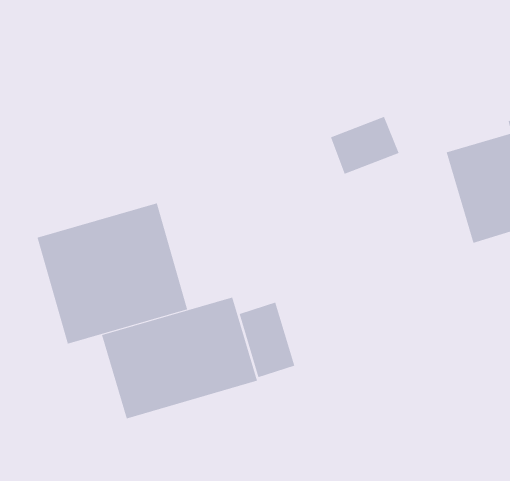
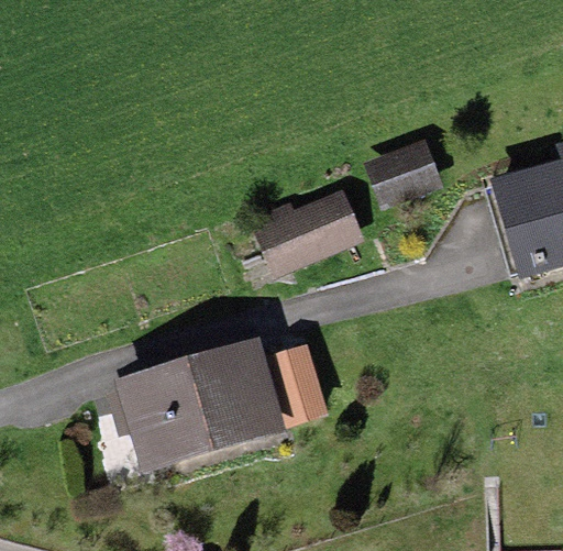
building: none -> [254,189,365,278]
building: [37,202,188,345] -> none

